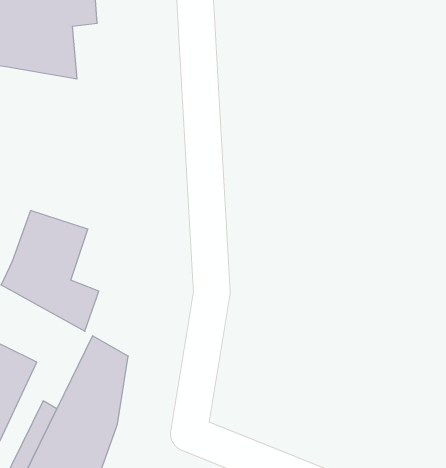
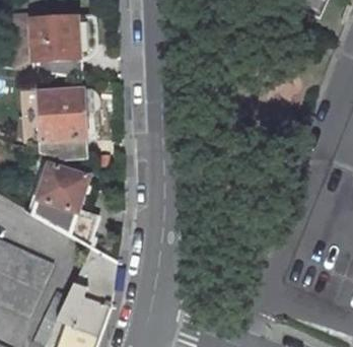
building: none -> [38,89,86,155]

